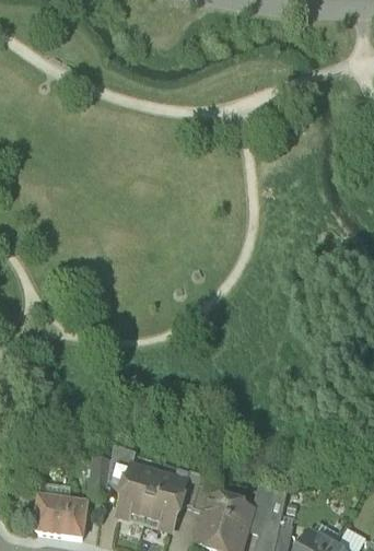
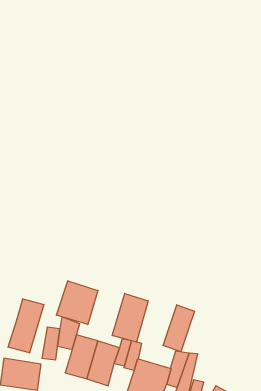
building: none -> [56,281,98,325]
building: none -> [112,293,148,342]
building: none -> [8,299,44,353]
building: none -> [163,305,194,352]

